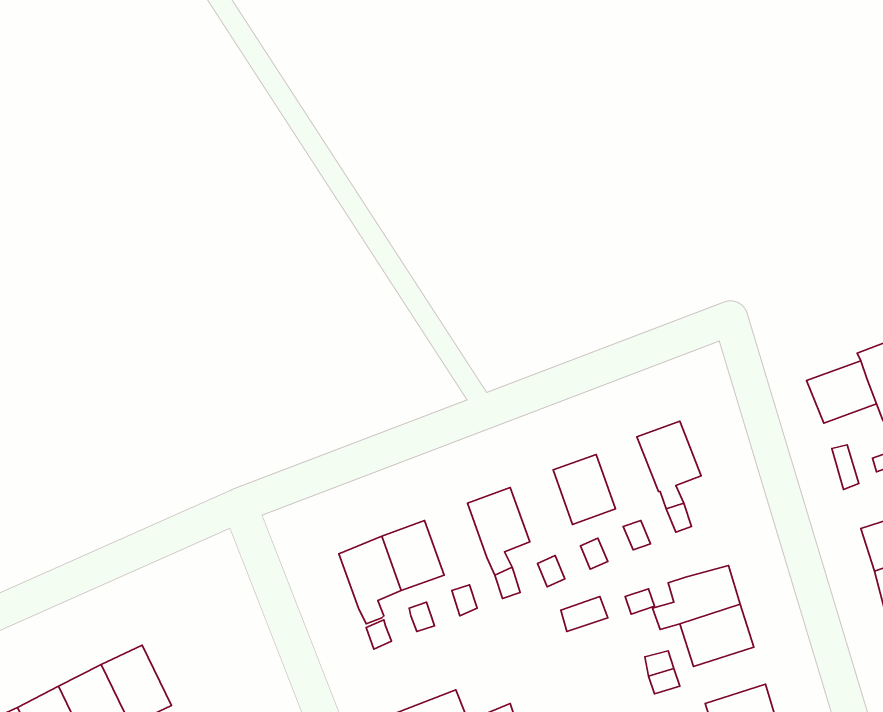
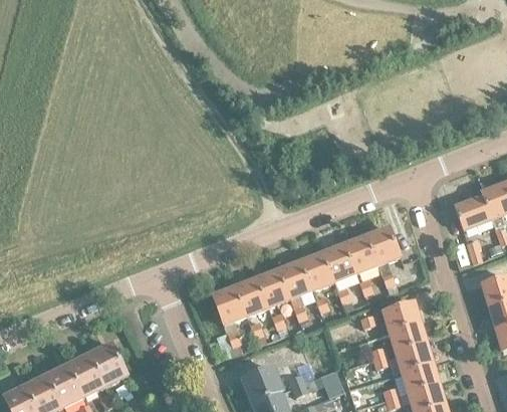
building: none -> [345,235,377,272]
building: none -> [301,252,333,289]
building: none -> [257,269,289,306]
building: none -> [396,344,433,373]

